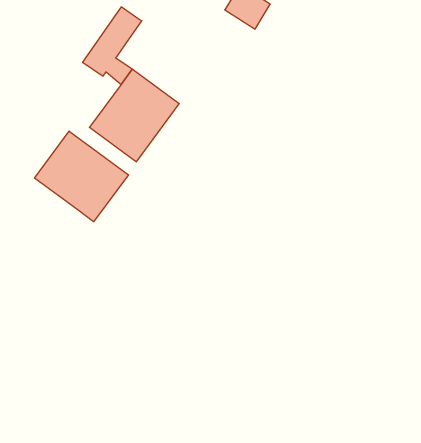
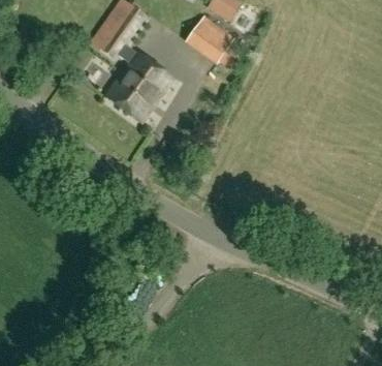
building: none -> [187,20,230,60]
building: [34,131,128,222] -> none

